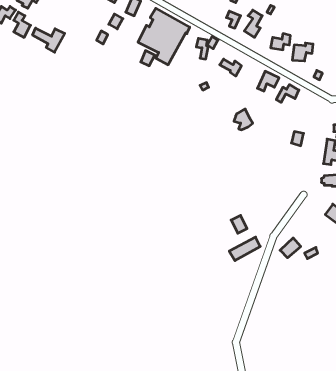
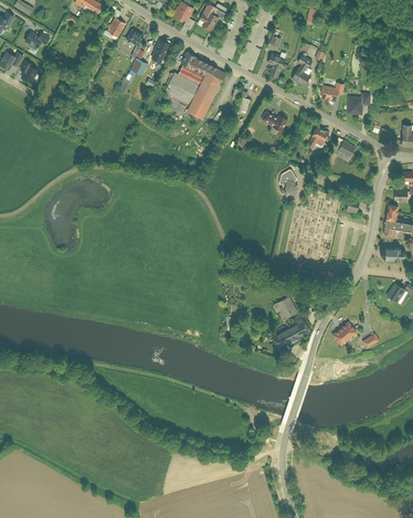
building: [33,28,65,52] -> none

